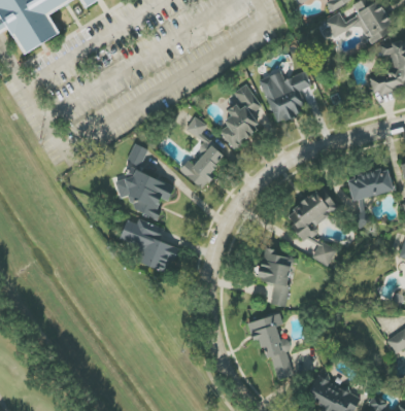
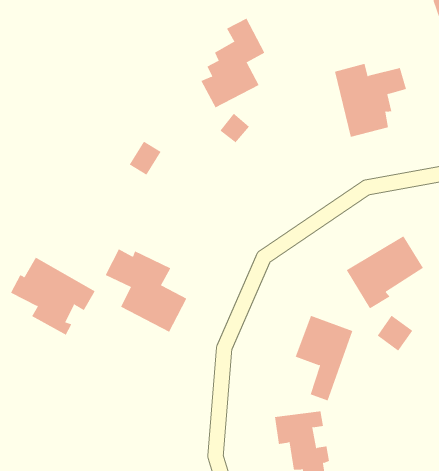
building: [220,83,262,148] -> [200,18,265,108]
building: [179,145,224,190] -> none
building: [115,168,174,219] -> [10,257,95,336]

